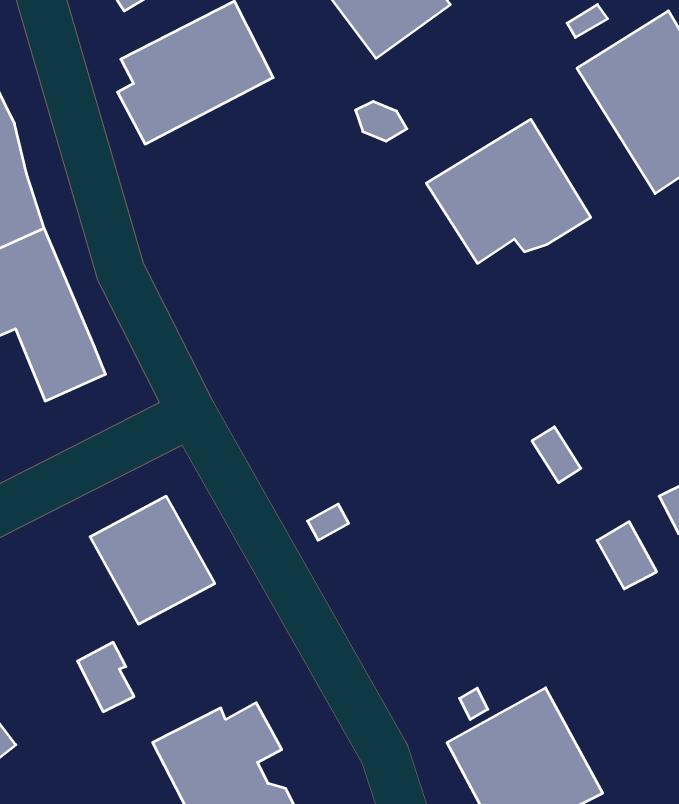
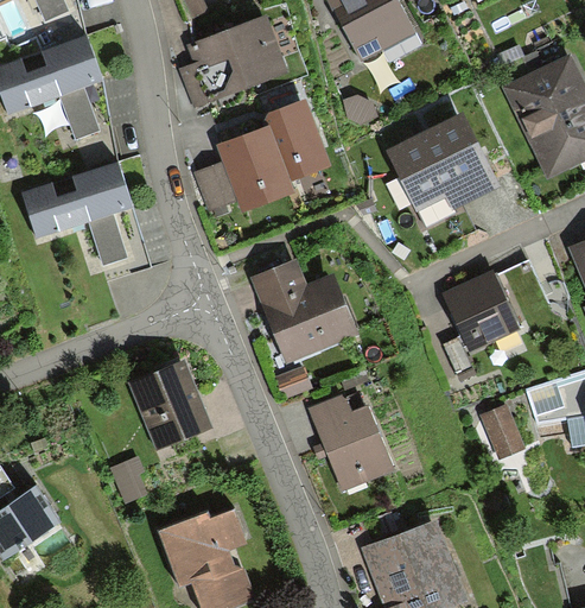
building: none -> [197,104,333,222]
building: none -> [444,270,519,348]
building: none -> [252,256,358,359]
building: none -> [307,390,396,489]

